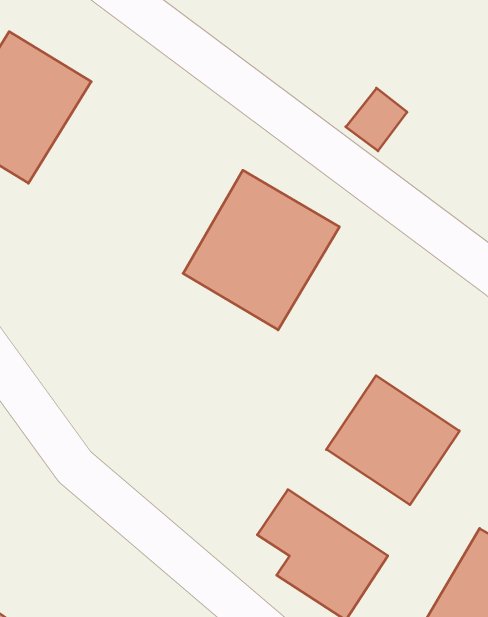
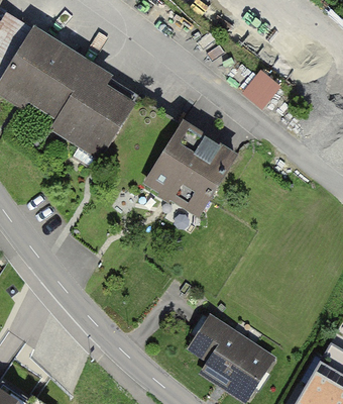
building: none -> [45,62,135,157]
building: [326,376,459,505] -> none

